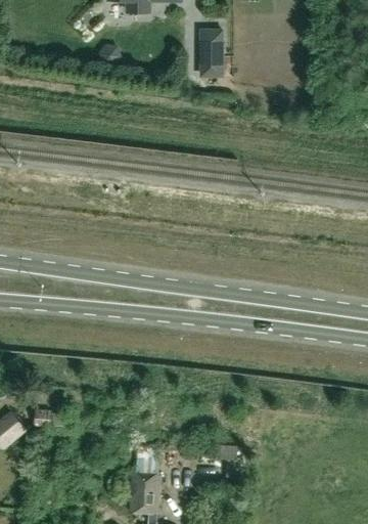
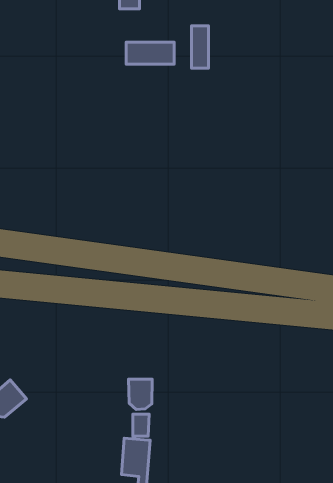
building: none -> [126,42,174,64]
building: none -> [129,379,152,409]

